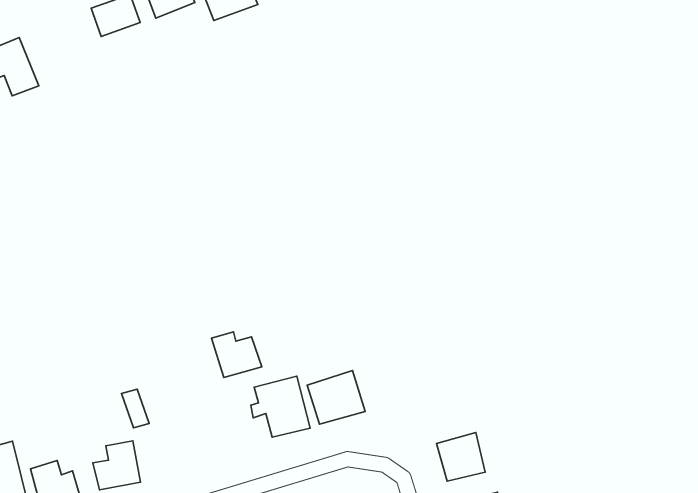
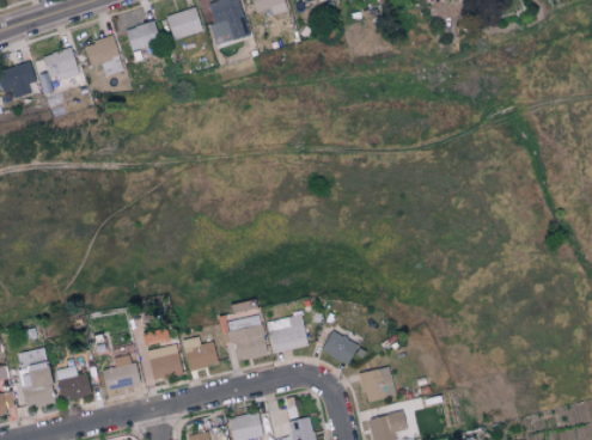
building: none -> [85,36,120,75]
building: [212,332,262,378] -> [183,336,219,369]
building: none -> [321,330,359,363]
building: none -> [148,344,183,379]

